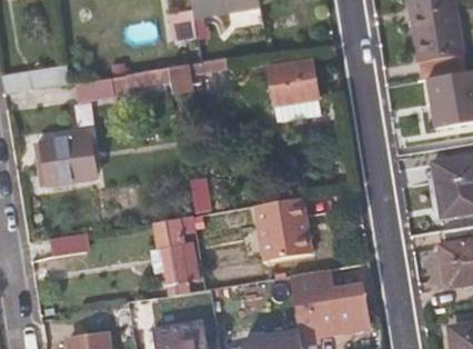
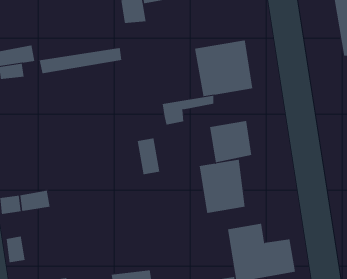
building: [167,59,227,93] -> [162,95,214,125]
building: [40,134,94,186] -> none
building: none -> [210,120,252,163]
building: [149,217,198,281] -> none

